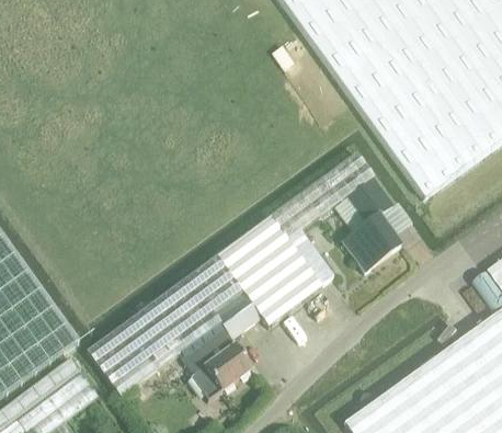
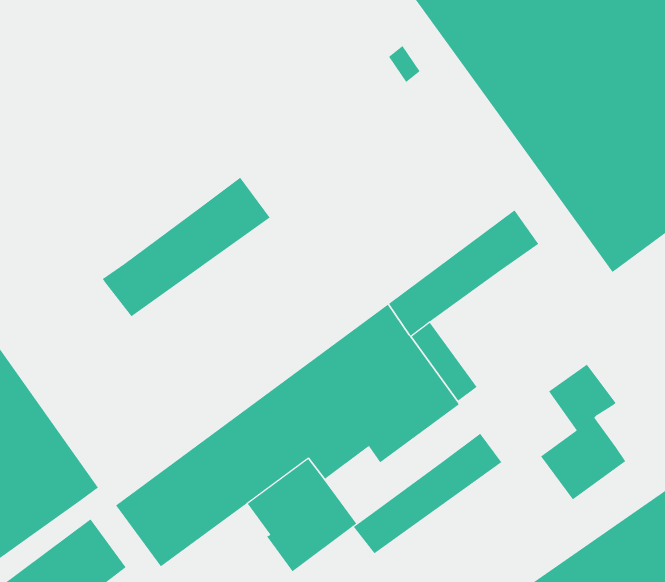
building: none -> [102,177,271,317]
building: [342,175,400,267] -> [540,364,626,500]
building: none -> [353,433,502,554]

